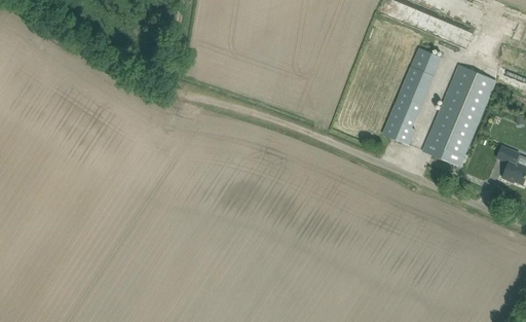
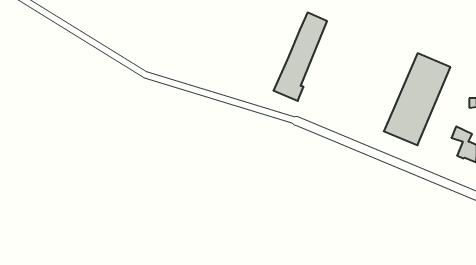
building: [382,47,441,144] -> [273,13,327,101]

